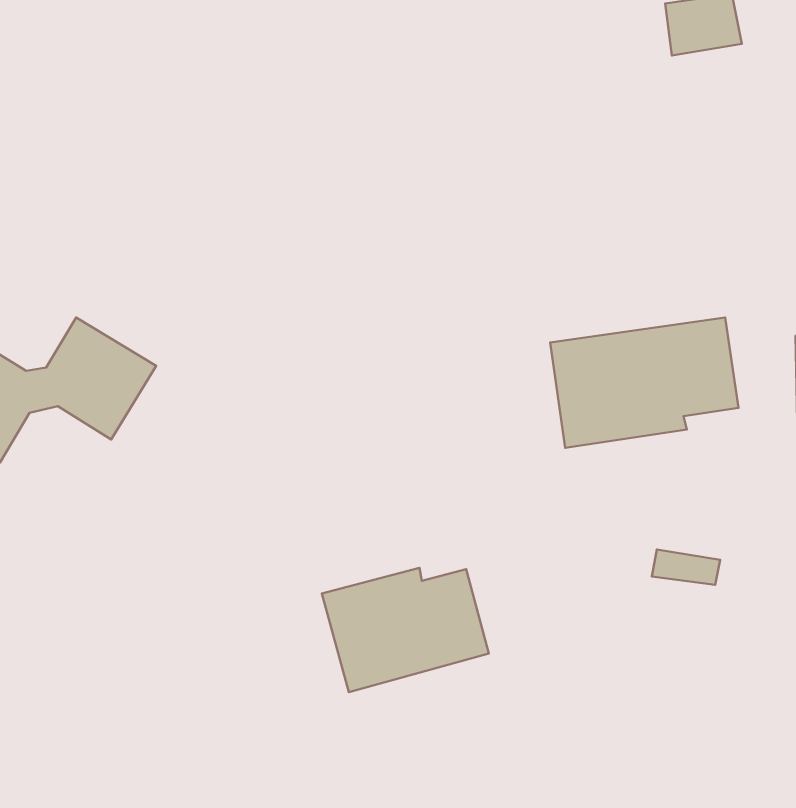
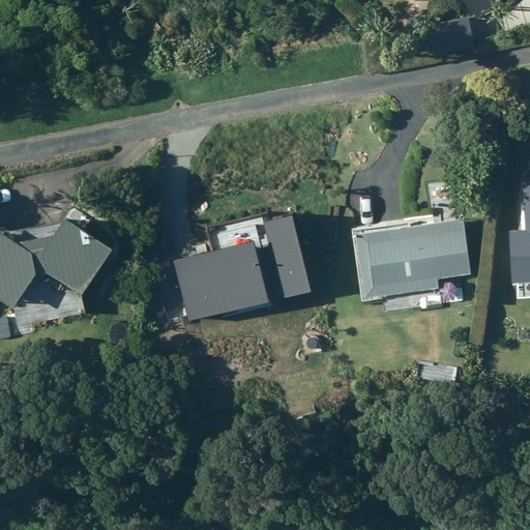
building: none -> [179,211,318,318]
building: [322,568,489,692] -> none

